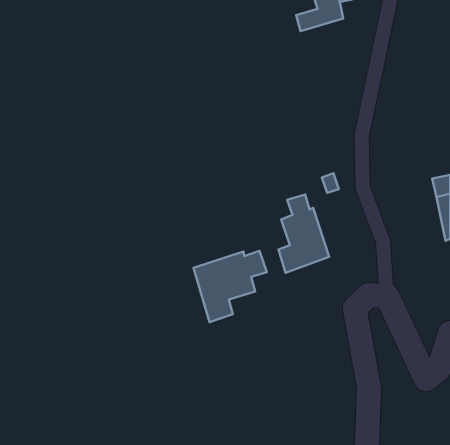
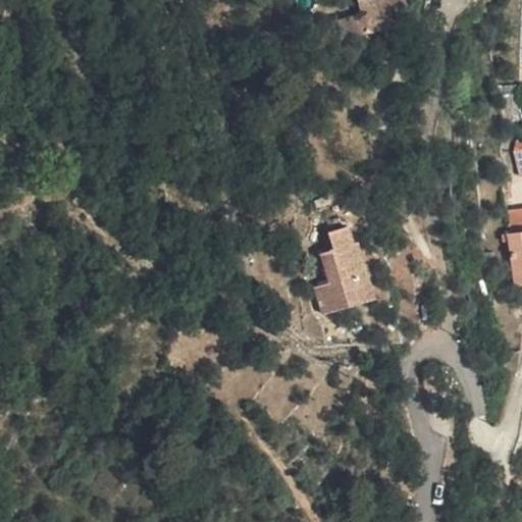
building: [193,251,267,322] -> none

